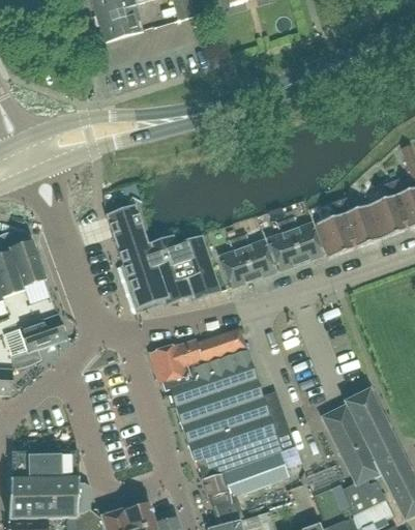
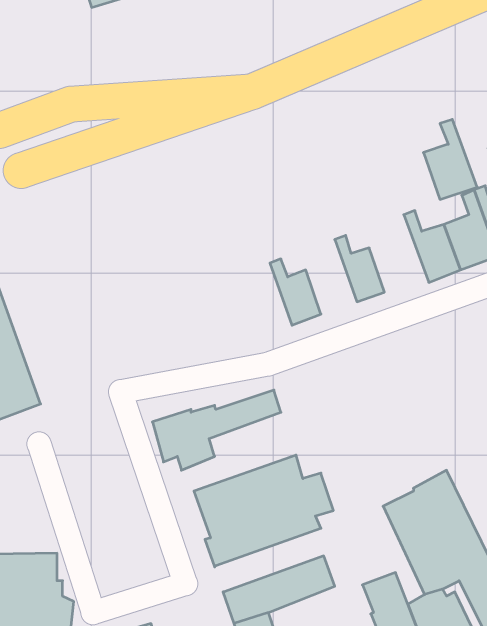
building: [316,197,356,257] -> [423,119,477,199]
building: [105,203,220,307] -> none
building: [269,215,302,269] -> none
building: [220,233,254,287] -> none
building: [171,345,257,405] -> none
building: [197,418,294,479] -> none

